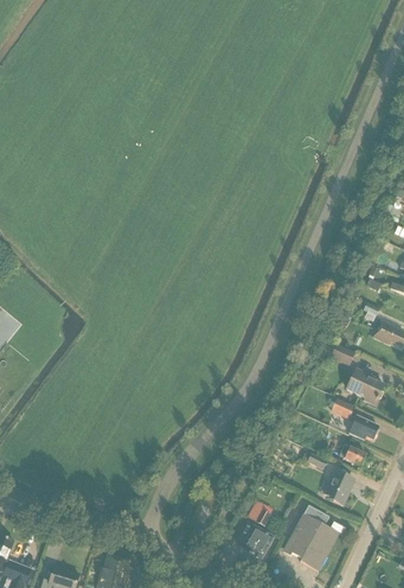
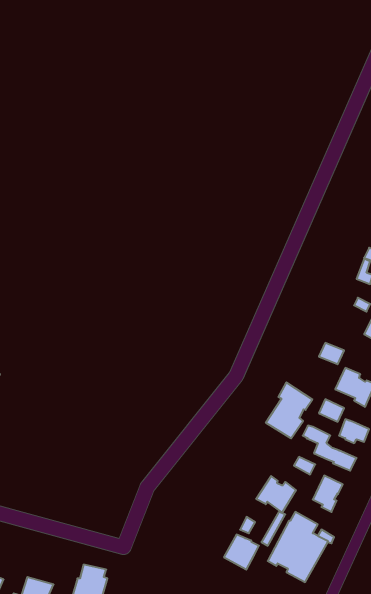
building: none -> [266,382,312,438]
building: none -> [256,476,296,512]

